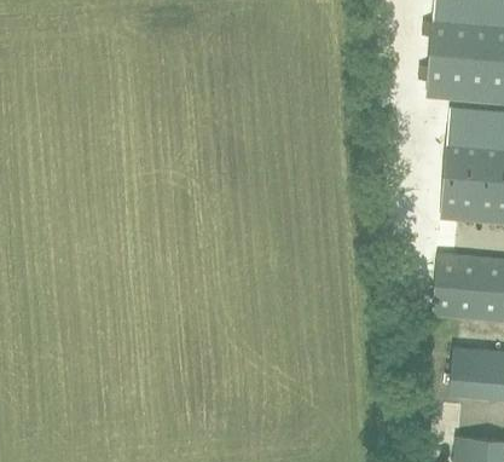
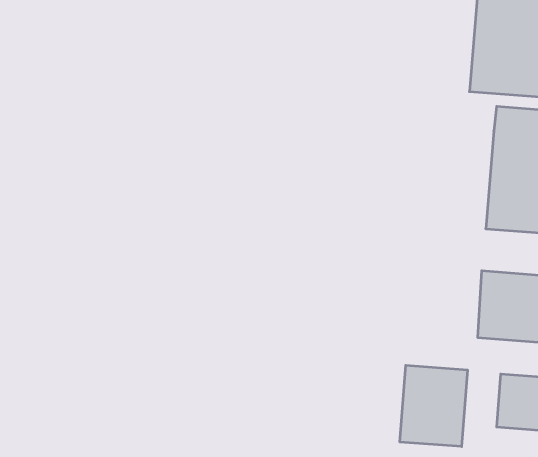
building: none -> [400,365,467,447]

